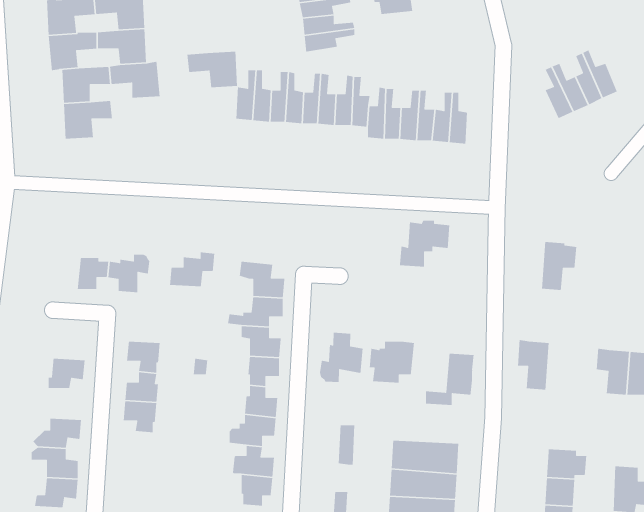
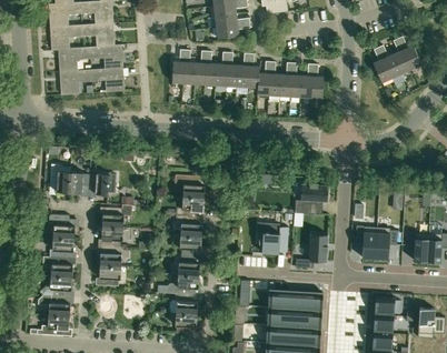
building: [187,51,238,88] -> [91,68,125,92]
building: [399,220,450,268] -> [295,183,328,214]
building: [541,241,577,291] -> [375,228,398,260]
building: none -> [50,164,71,193]
building: [169,251,215,287] -> [102,204,132,228]
building: none -> [50,214,74,239]
building: [319,332,363,383] -> none
building: none -> [43,256,72,278]

